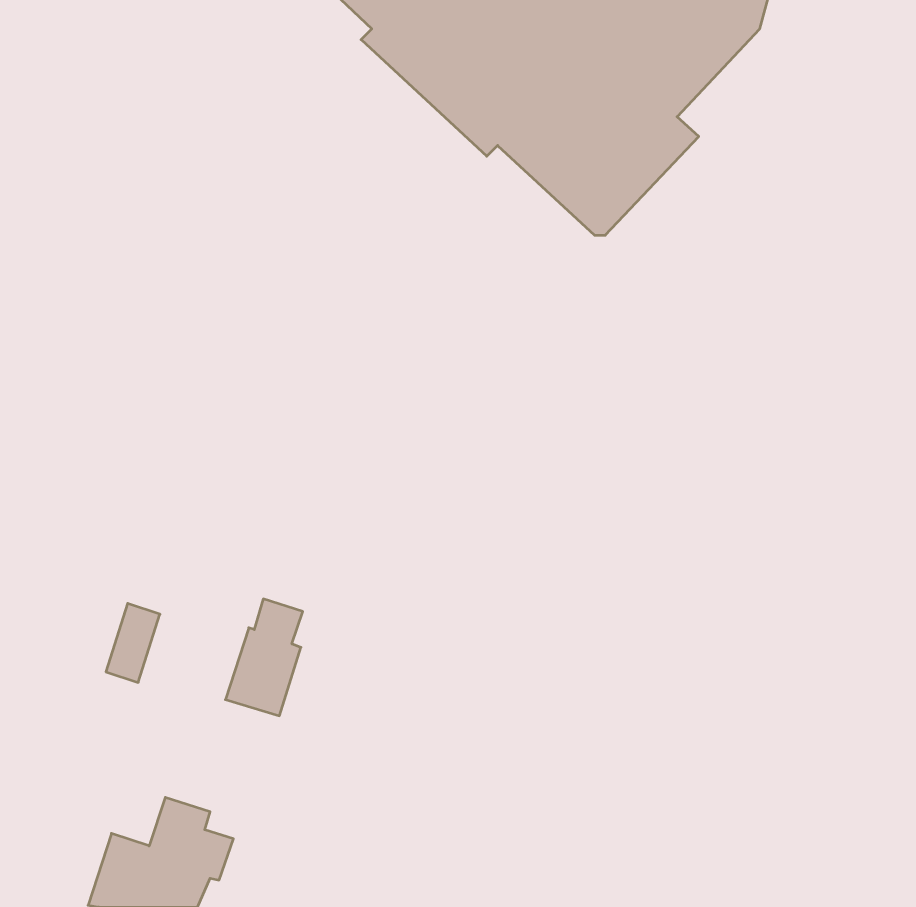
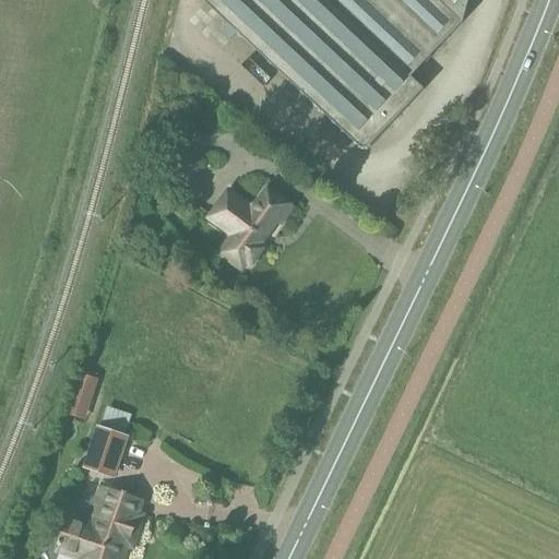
building: none -> [213,185,294,264]
building: [225,599,303,716] -> [84,402,131,473]

